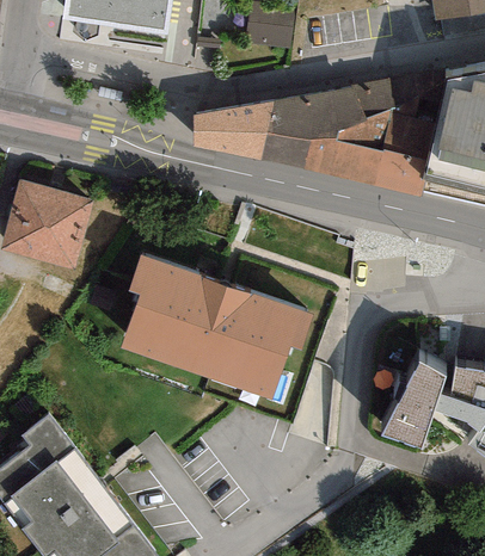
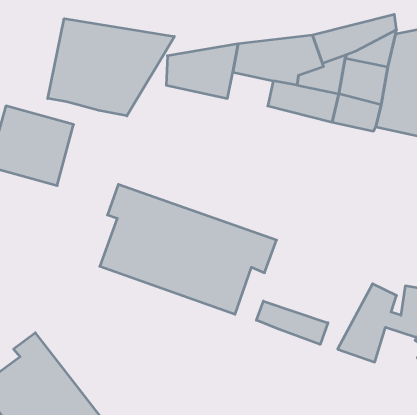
building: none -> [48,19,174,116]
building: [260,130,311,167] -> none
building: none -> [256,301,328,344]

